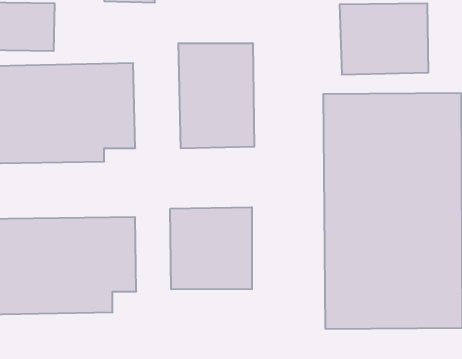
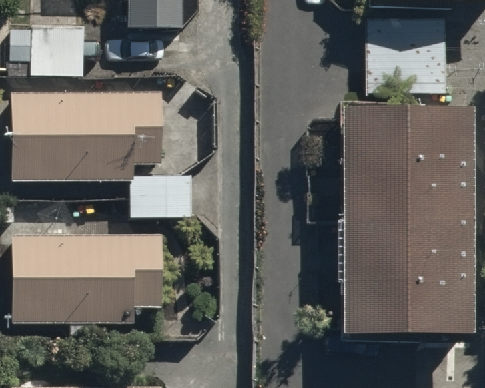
building: [178,43,254,148] -> none
building: [170,207,252,289] -> none

